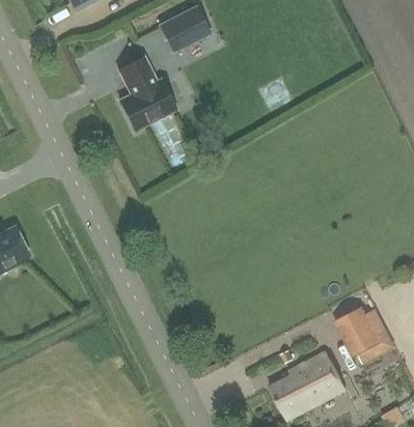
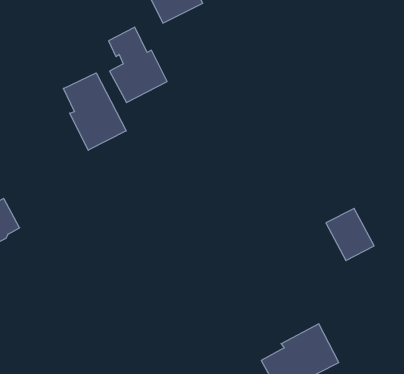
building: none -> [63,73,126,150]
building: [334,306,382,358] -> [326,208,374,261]

